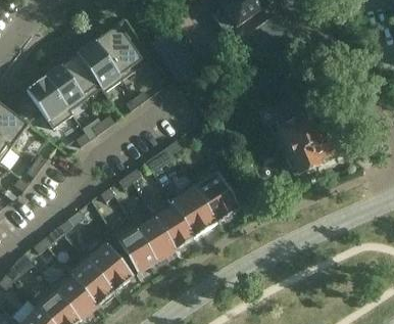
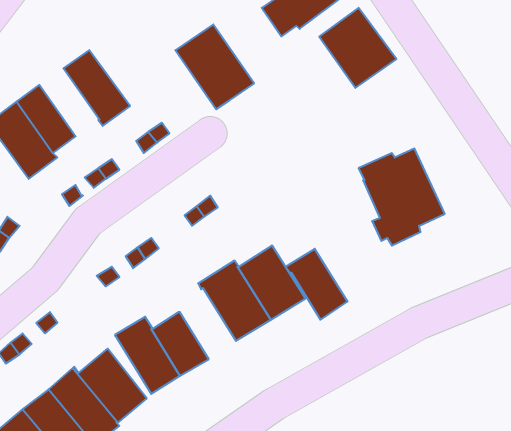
building: [94,25,144,79] -> none
building: [60,53,101,99] -> none
building: [151,201,193,249] -> [286,249,348,320]

